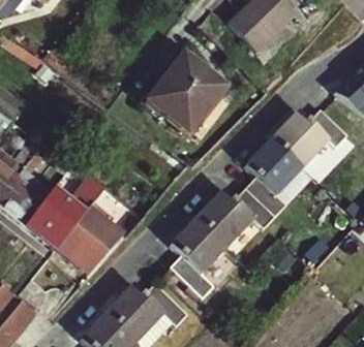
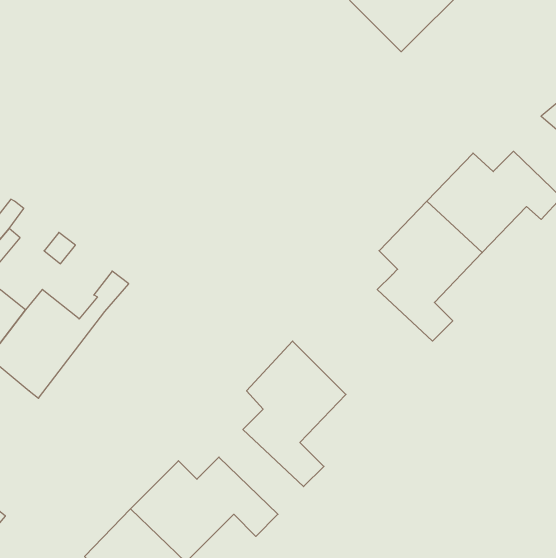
building: [143,60,230,141] -> none
building: [196,188,275,247] -> none
building: [54,200,119,273] -> none

